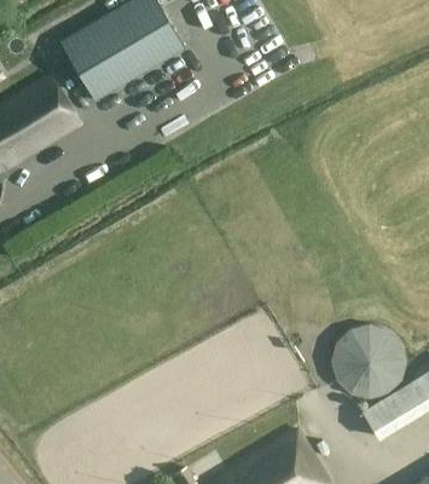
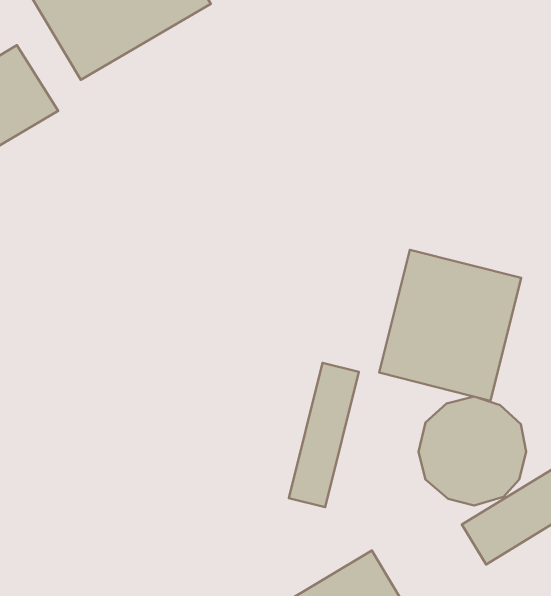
building: none -> [379,250,521,401]
building: none -> [289,363,359,507]

